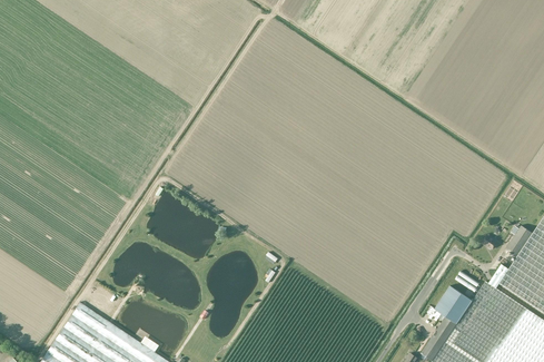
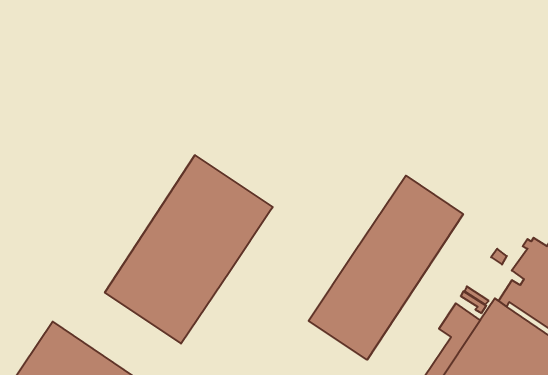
building: none -> [105,155,273,344]
building: none -> [309,176,463,360]

